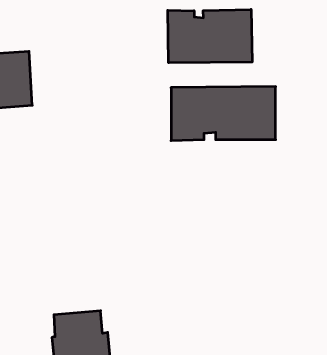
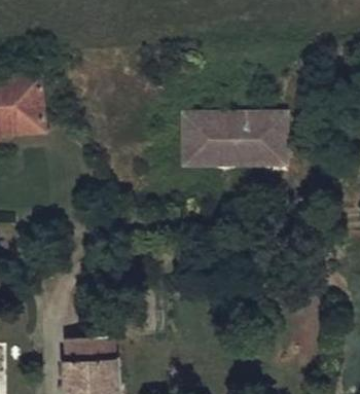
building: [168,9,252,63] -> none

